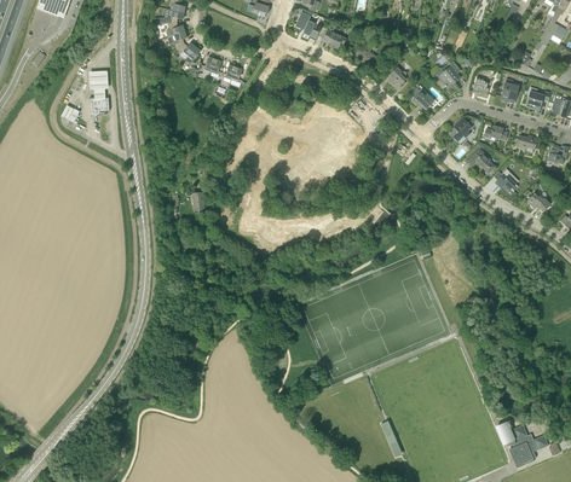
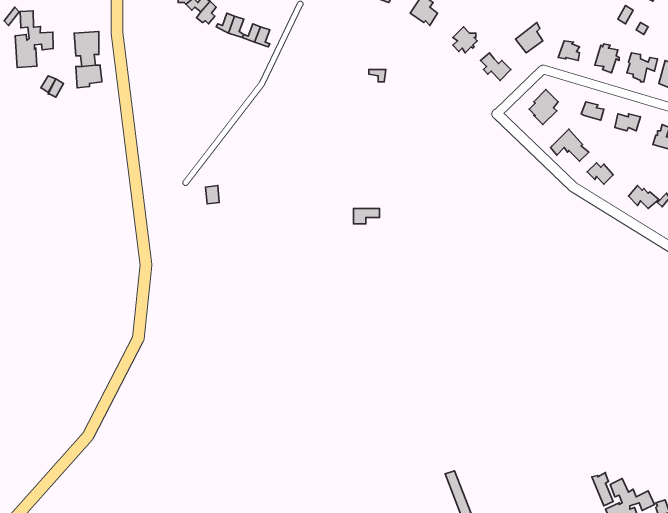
building: none -> [15,11,53,68]

